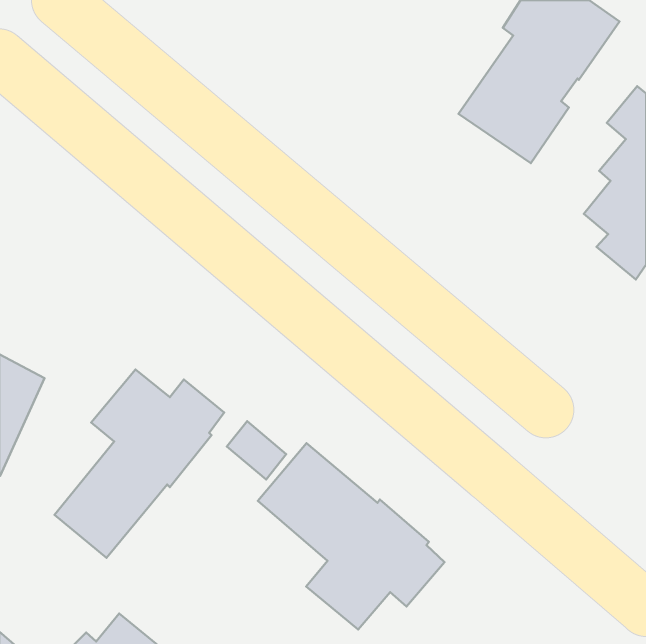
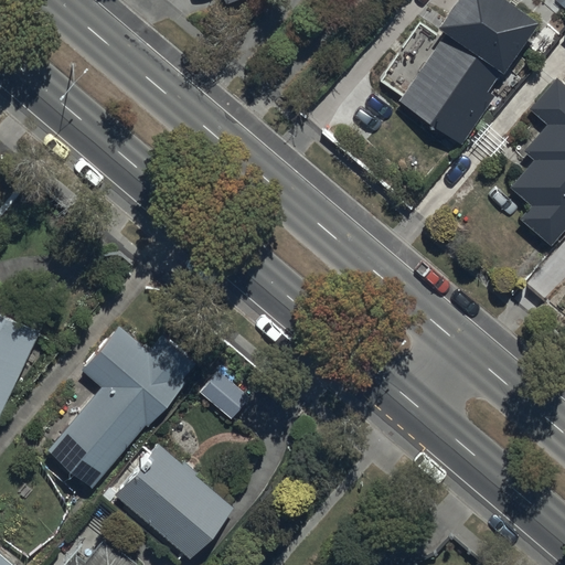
building: [258,443,445,630] -> none
building: none -> [114,443,234,558]

